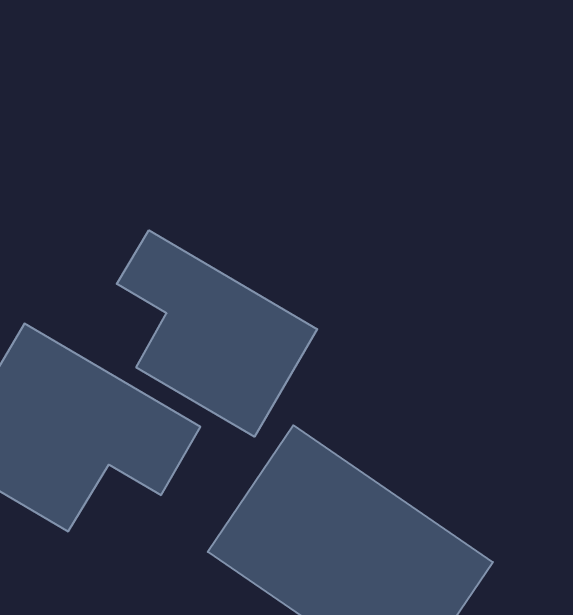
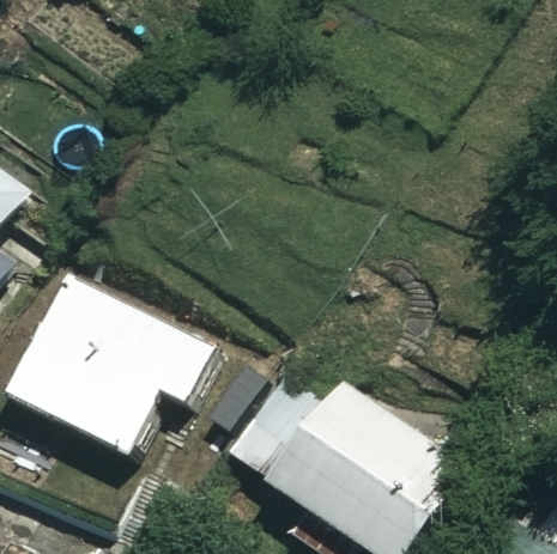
building: [117,230,317,437] -> none

